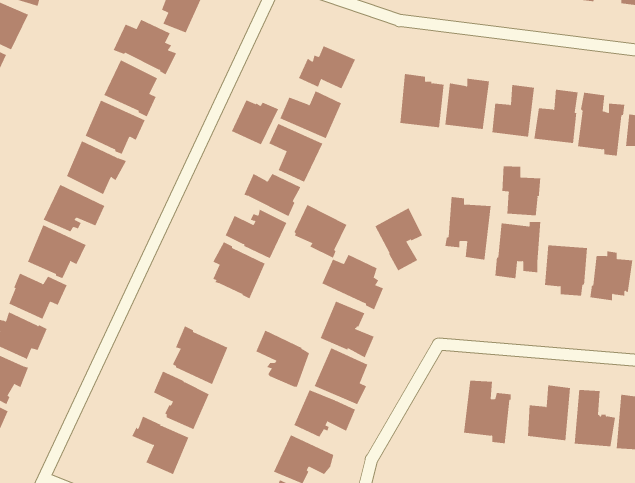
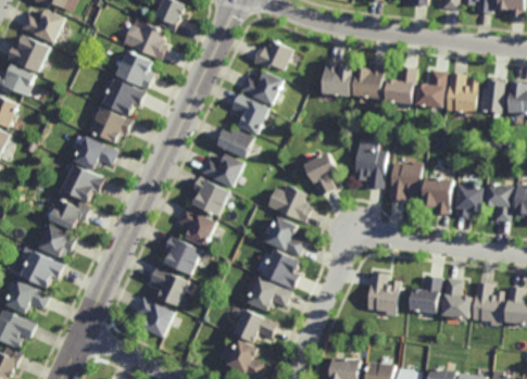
building: [231,99,279,145] -> none
building: [502,165,541,216] -> none
building: [294,204,347,258] -> none
building: [255,330,310,387] -> [177,206,215,247]

